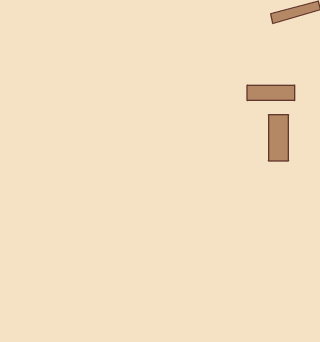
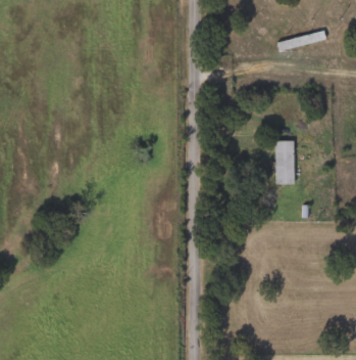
building: [247,85,295,101] -> none

